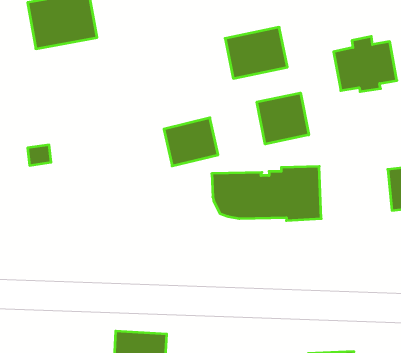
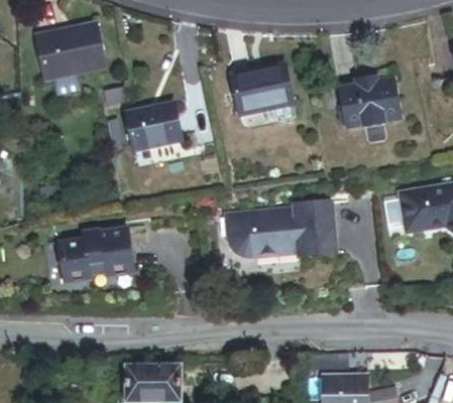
building: [257,93,309,144] -> none
building: [164,118,218,166] -> [129,103,183,150]
building: none -> [54,231,124,277]

